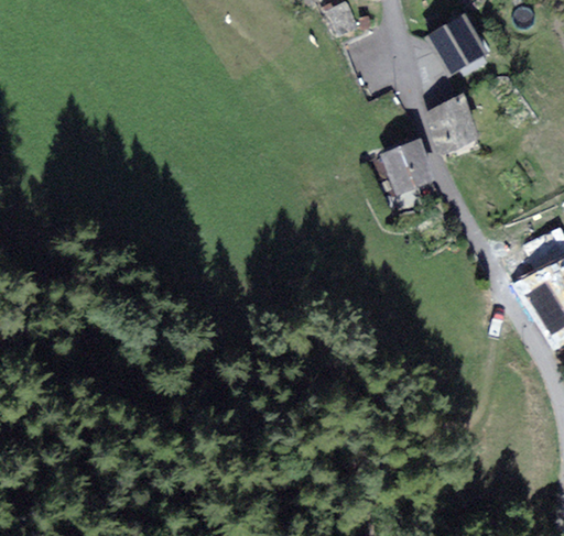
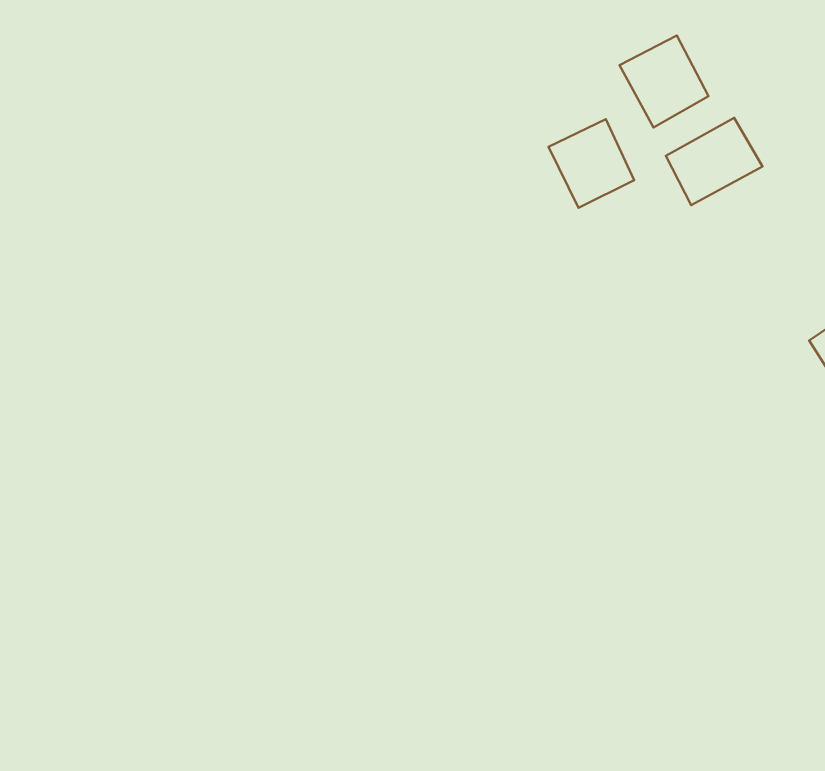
building: none -> [666,118,762,205]

